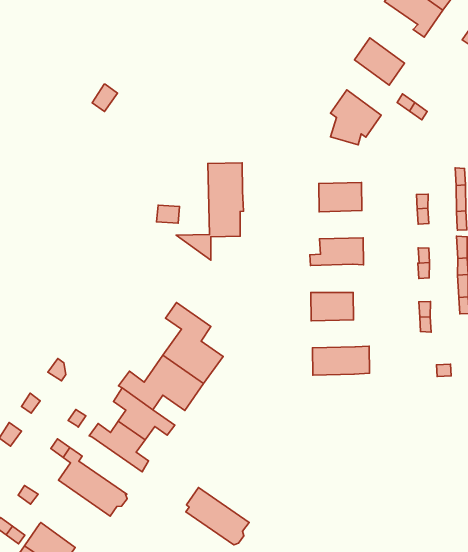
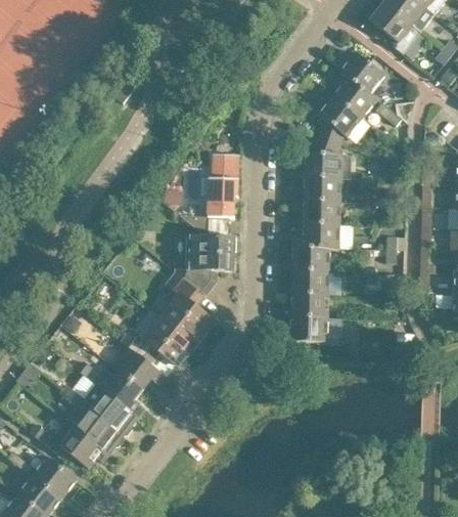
building: none -> [333,70,377,119]
building: none -> [305,135,350,177]
building: none -> [303,200,340,224]
building: none -> [176,236,234,294]
building: none -> [292,246,330,271]
building: none -> [291,294,328,318]
building: none -> [46,420,108,468]
building: [186,488,249,545] -> [84,384,138,435]

